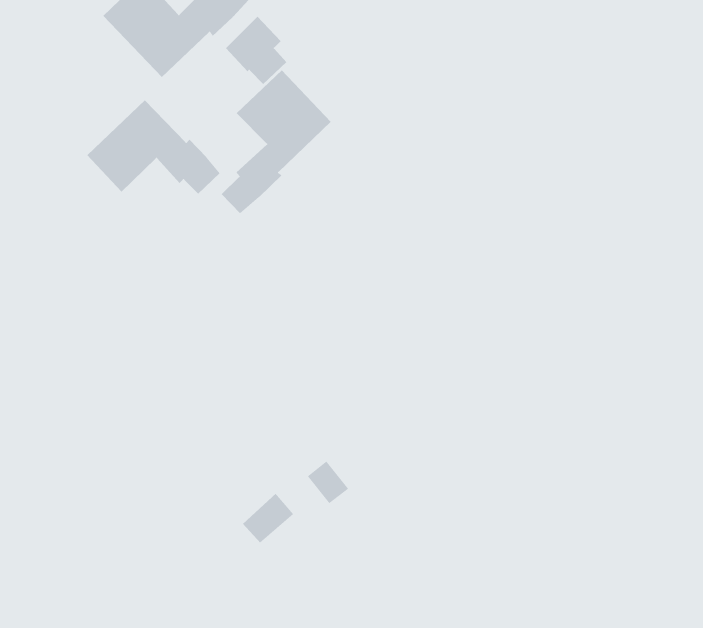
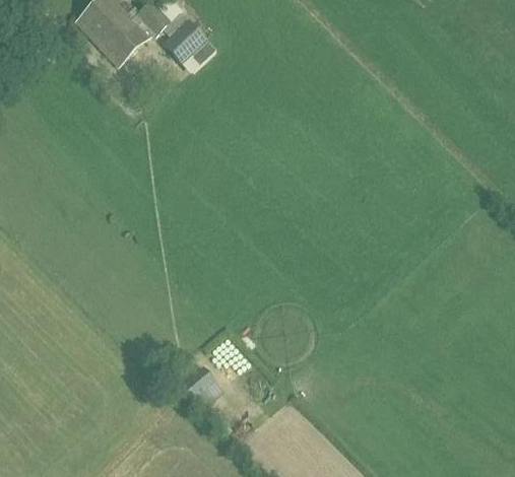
building: [221,70,332,214] -> none
building: [86,100,221,195] -> none

